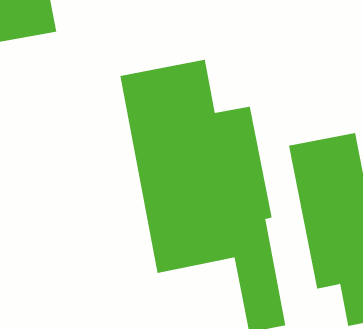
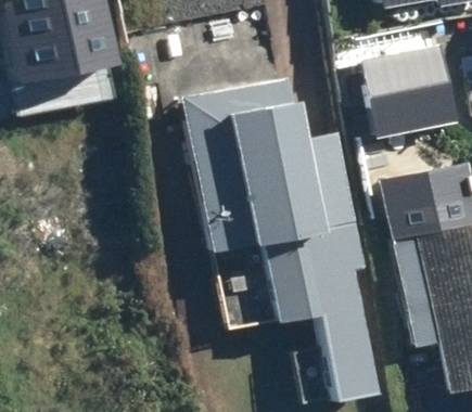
building: none -> [359,44,463,138]

